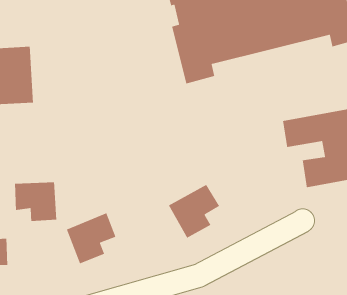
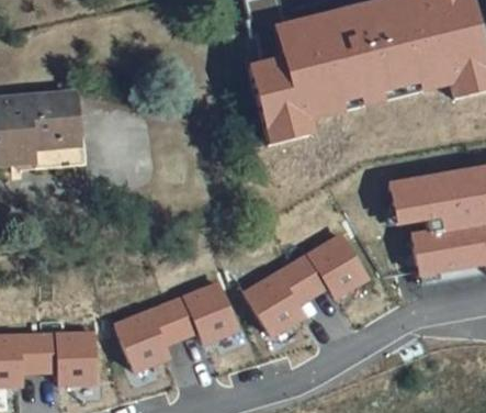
building: none -> [297,238,369,300]
building: [14,182,57,222] -> [43,333,98,384]
building: none -> [170,282,238,343]

